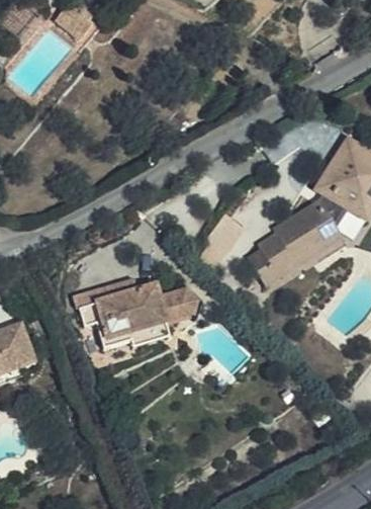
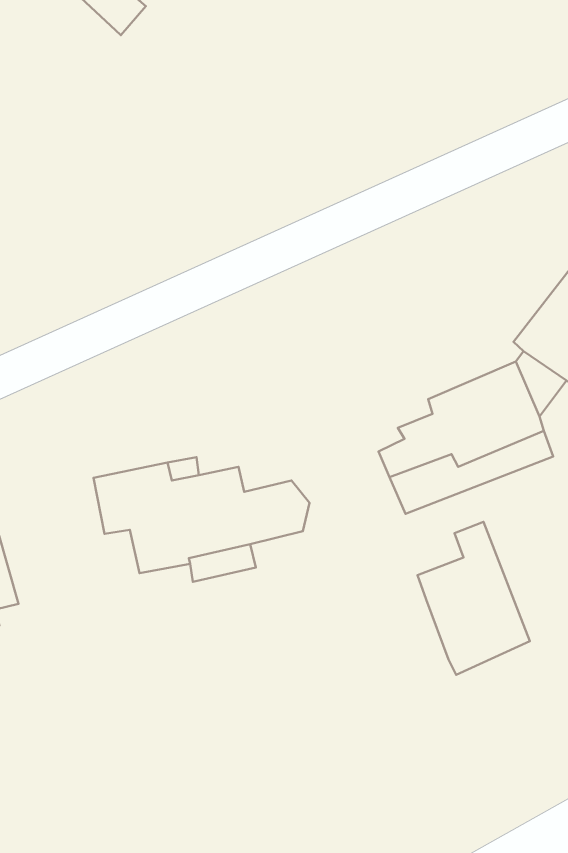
building: none -> [417,522,530,675]

